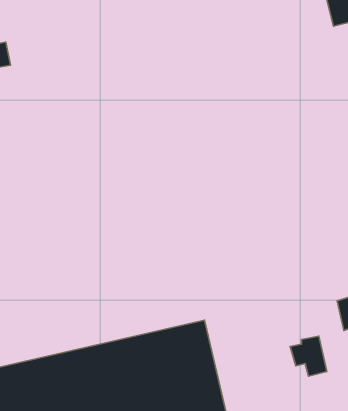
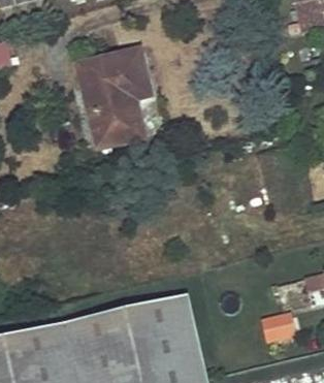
building: none -> [79,51,150,146]

